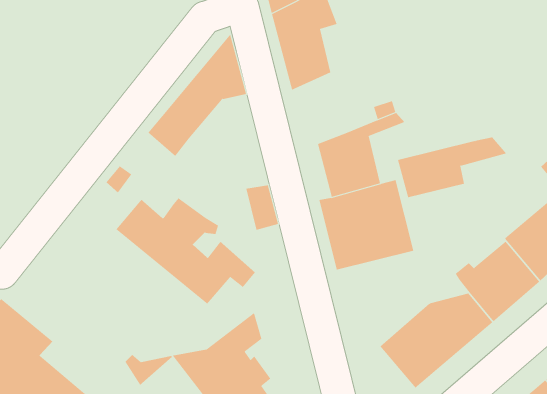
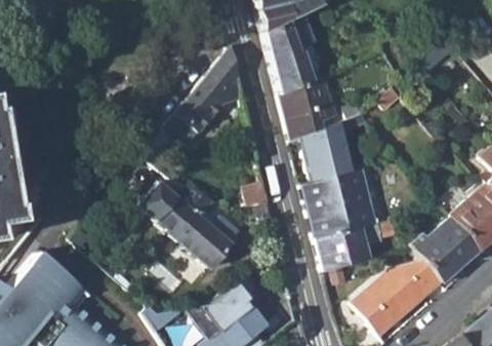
building: none -> [280,77,336,142]
building: [397,137,507,198] -> [316,221,404,270]

